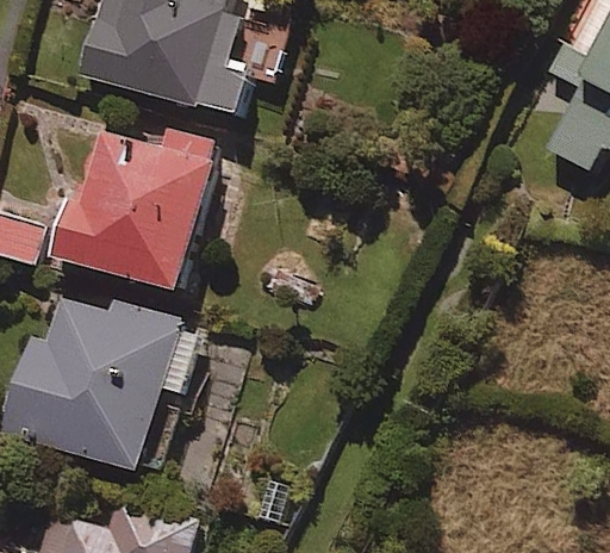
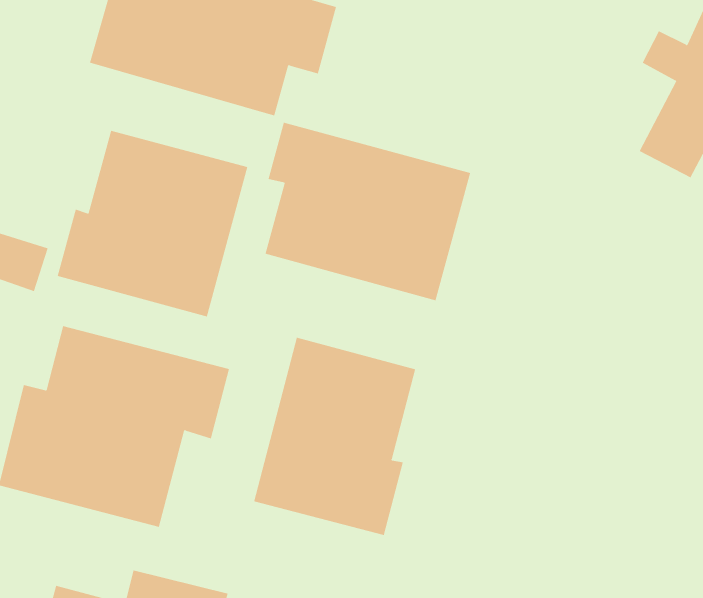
building: none -> [265,122,471,301]
building: none -> [253,337,416,536]

